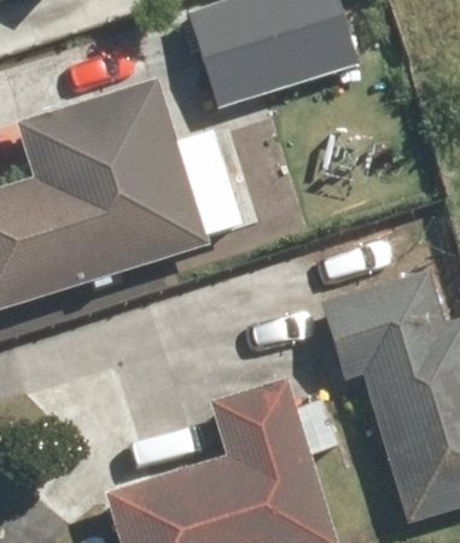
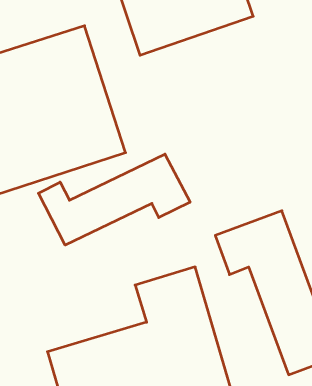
building: none -> [38,154,190,245]

